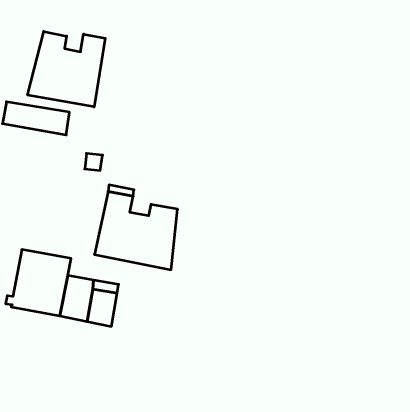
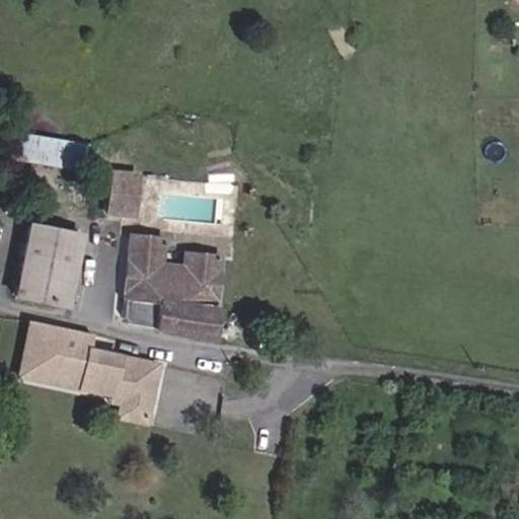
building: [28,31,105,107] -> none
building: none -> [112,171,143,216]
building: none -> [17,228,74,309]

